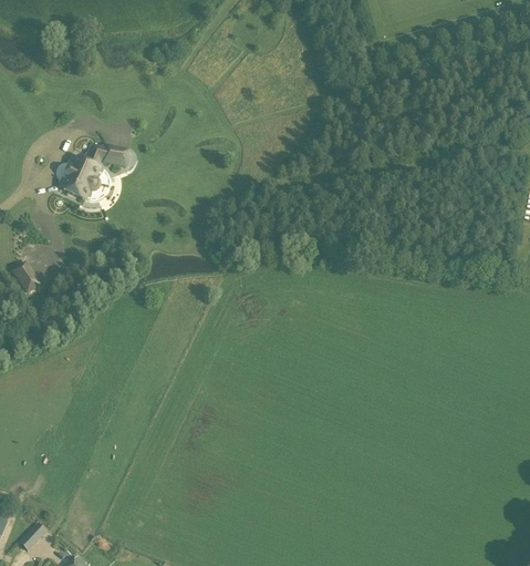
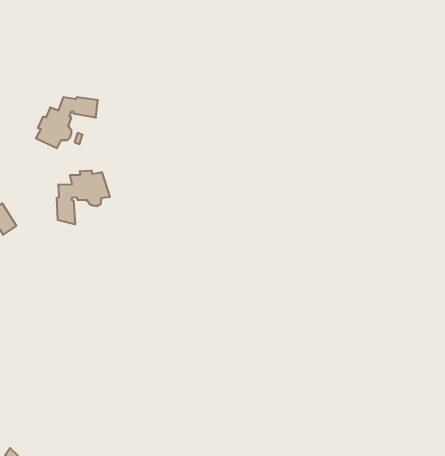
building: none -> [57,170,110,224]

